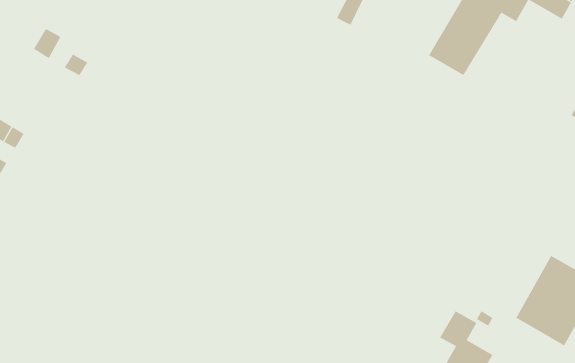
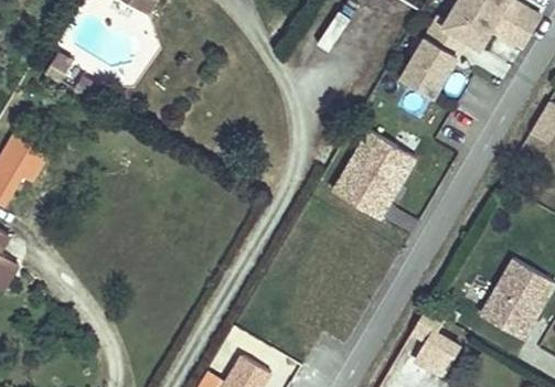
building: none -> [332,130,415,218]

